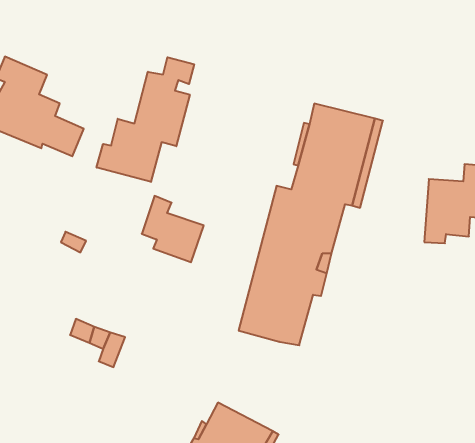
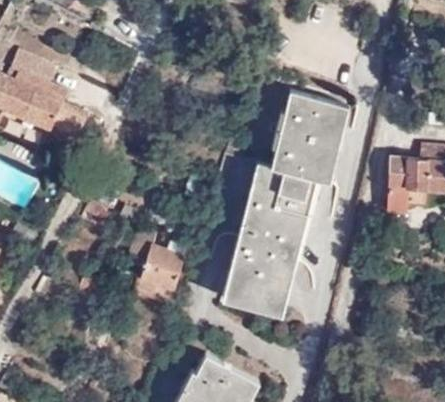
building: [97,57,194,182] -> none
building: [142,196,204,262] -> [130,231,184,289]
building: none -> [222,260,296,314]

